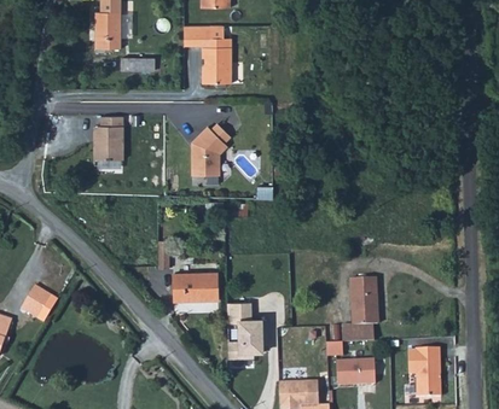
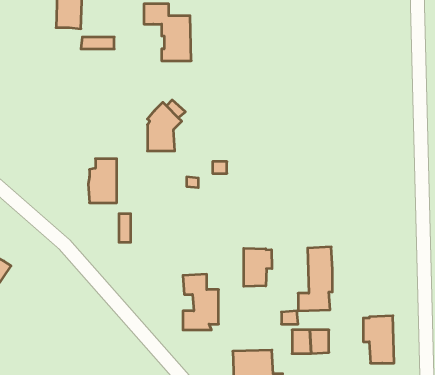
building: [95,117,124,162] -> [88,159,117,203]
building: [173,273,216,302] -> none
building: none -> [244,248,272,286]

